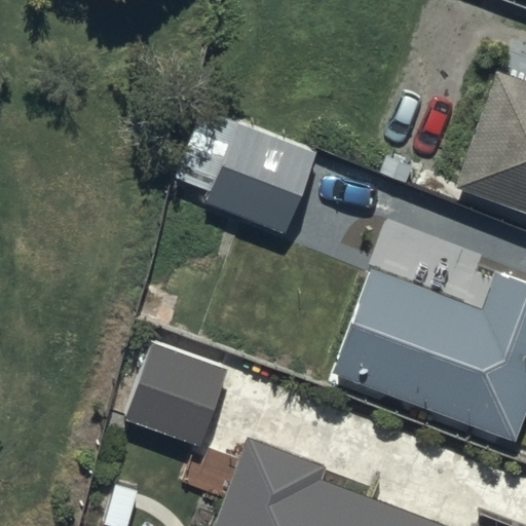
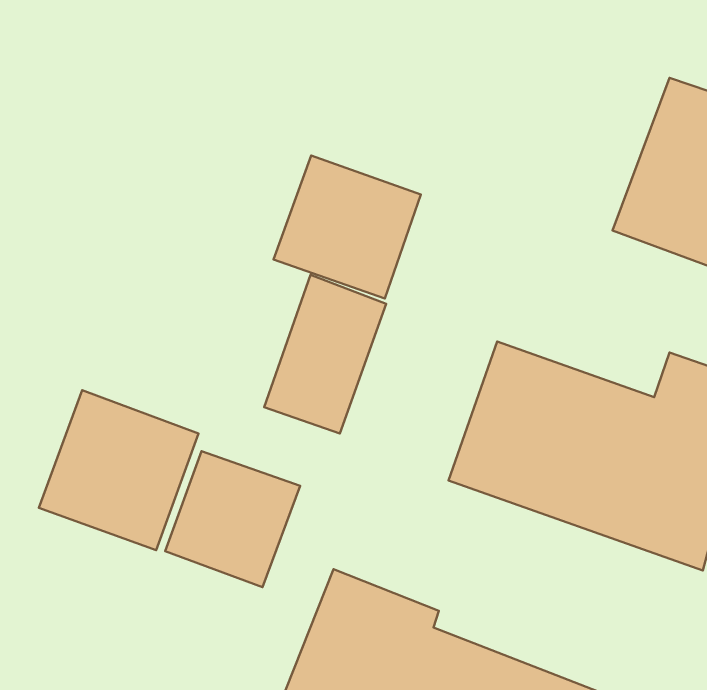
building: none -> [264,275,386,433]
building: none -> [39,390,199,550]

